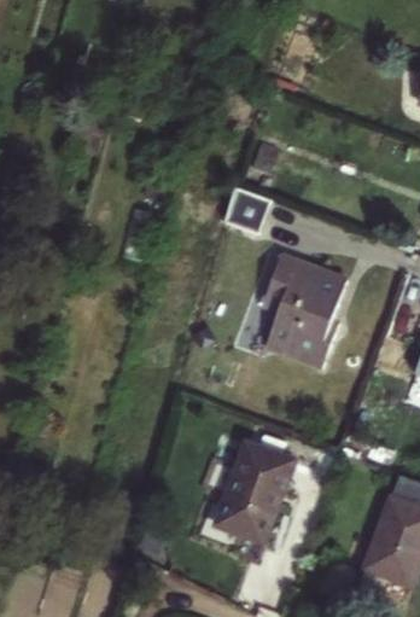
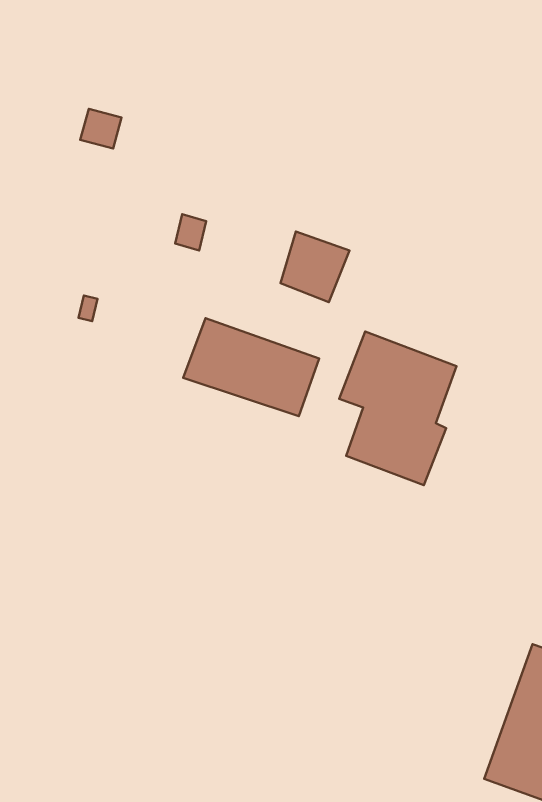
building: none -> [183,318,319,416]
building: [215,443,292,541] -> none

